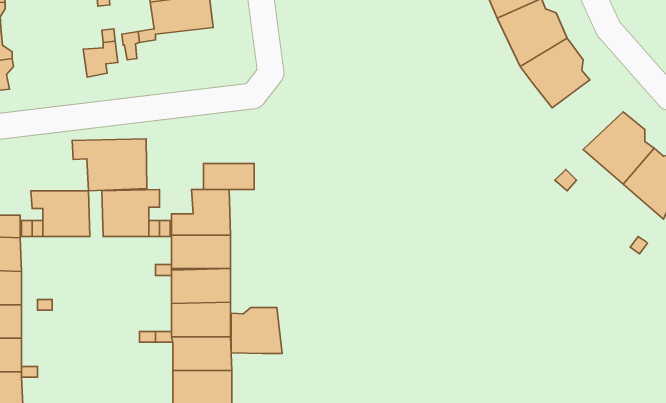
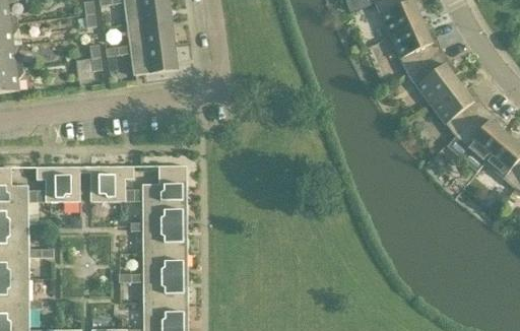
building: none -> [130,43,178,74]
building: none -> [431,82,484,135]
building: [72,139,147,191] -> none
building: [204,164,254,190] -> none
building: [231,307,282,353] -> none

